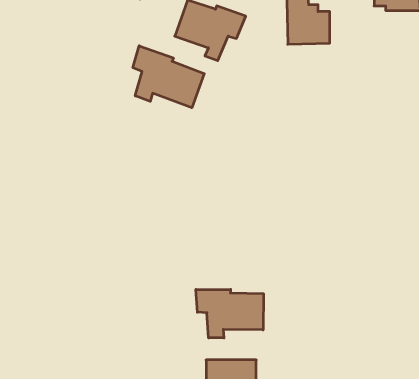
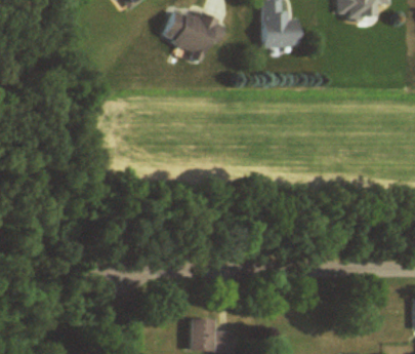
building: [133,46,204,108] -> none
building: [196,289,263,338] -> none

